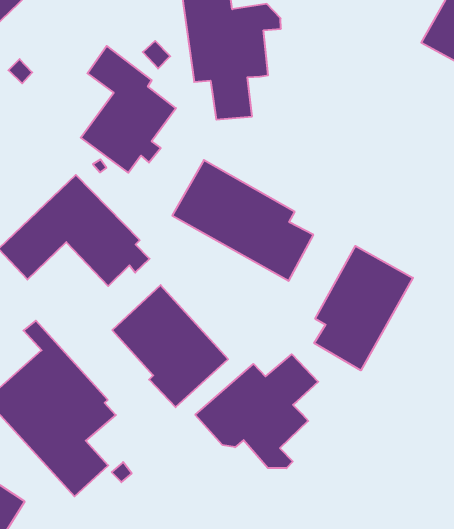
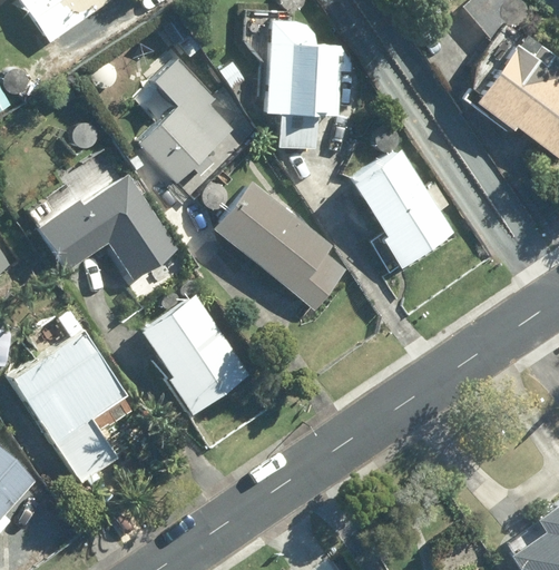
building: none -> [352,150,453,266]
building: [314,246,413,370] -> none
building: [195,354,318,468] -> none

